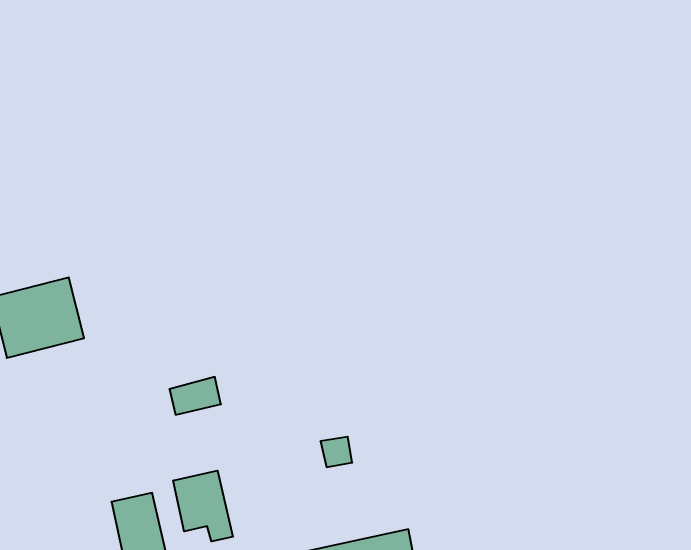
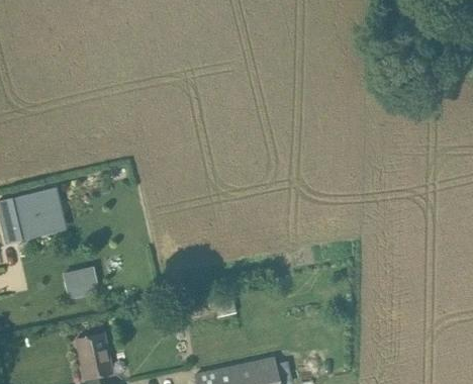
building: [169,377,221,415] -> [63,267,97,292]
building: [173,471,233,541] -> none

